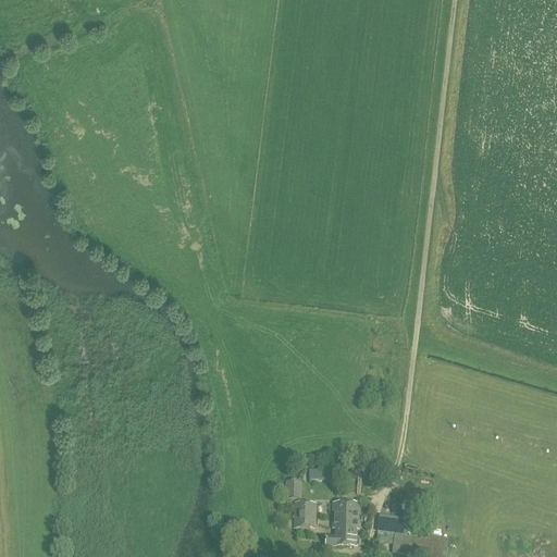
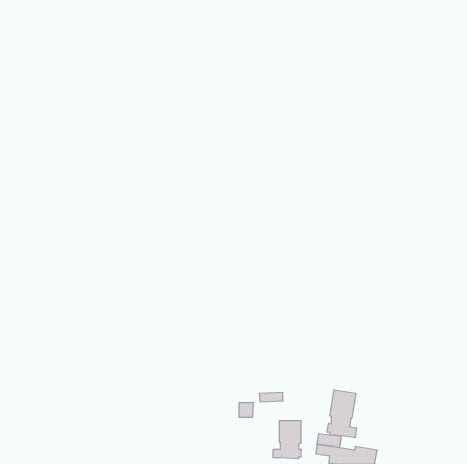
building: none -> [327,390,357,438]
building: [293,499,314,527] -> none

